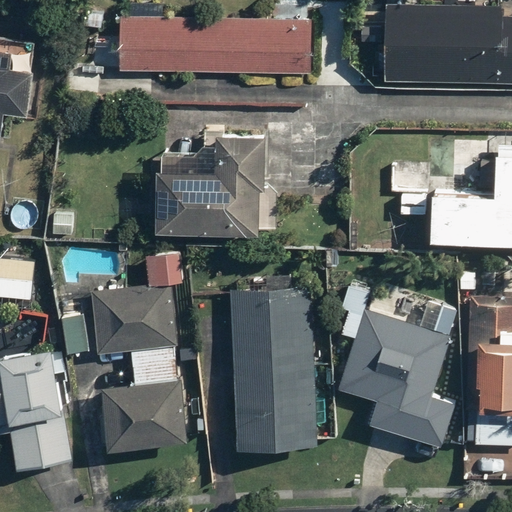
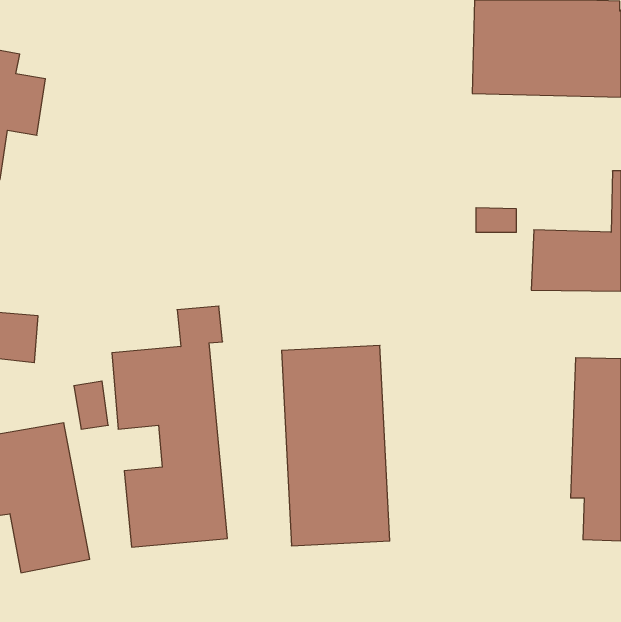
building: [118,16,310,75] -> none
building: [157,133,269,234] -> none
building: [338,286,454,445] -> none

